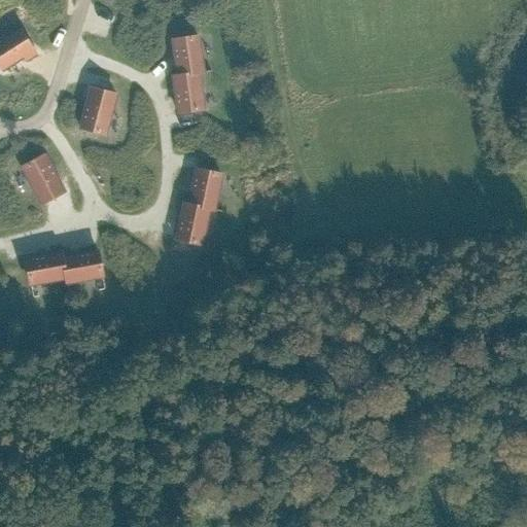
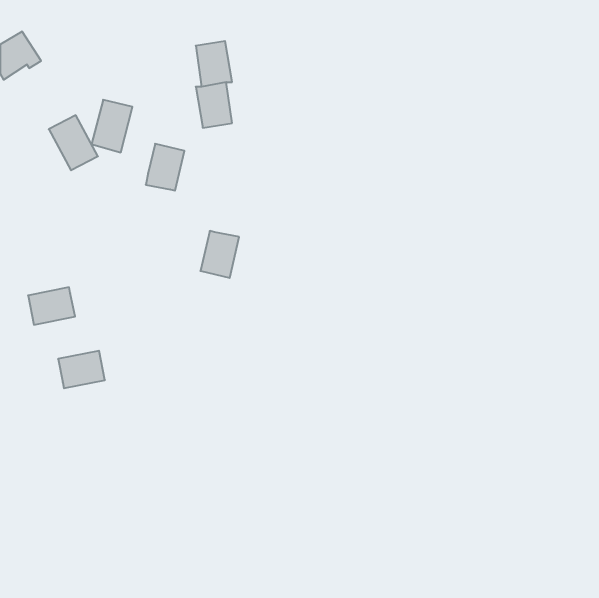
building: [22,155,65,204] -> [49,115,98,170]
building: [188,169,222,210] -> [146,144,184,191]
building: [62,251,103,284] -> [58,351,105,388]

